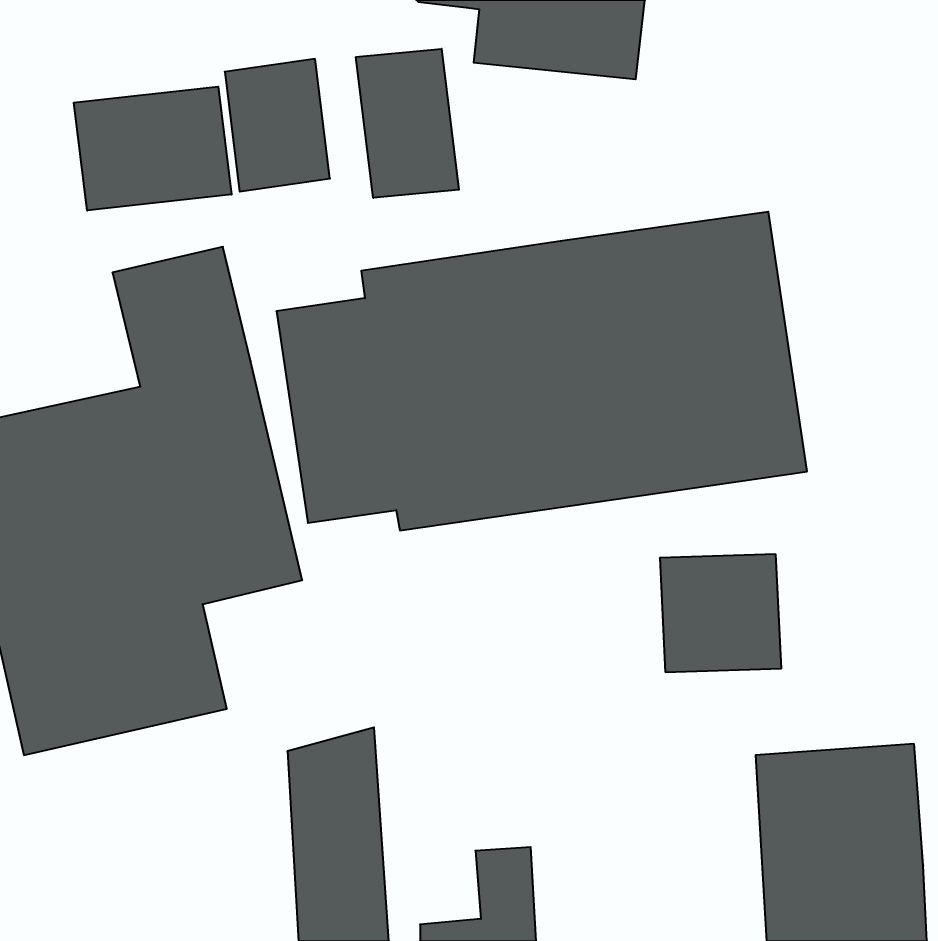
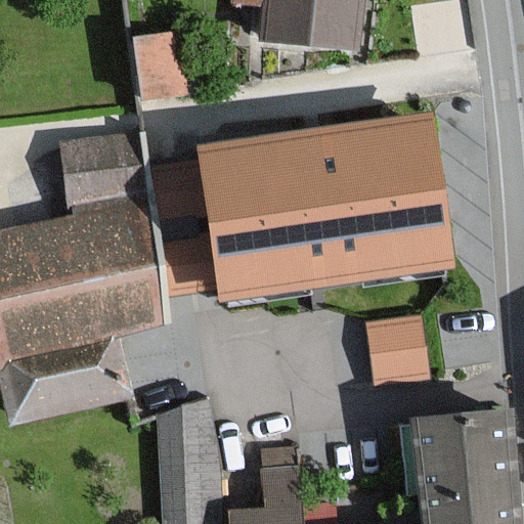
building: [356,49,459,198] -> none
building: [74,87,232,211] -> none

